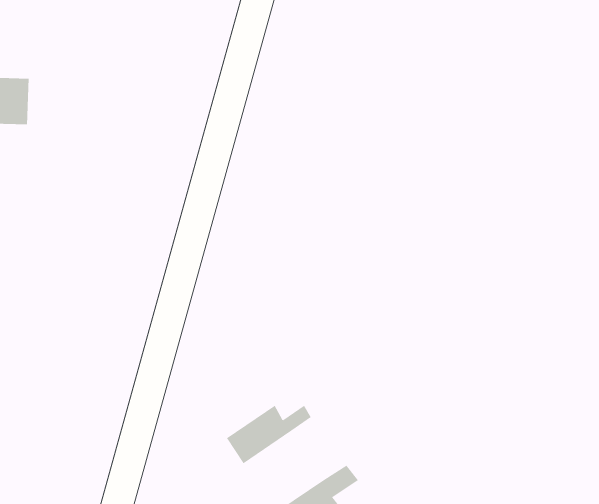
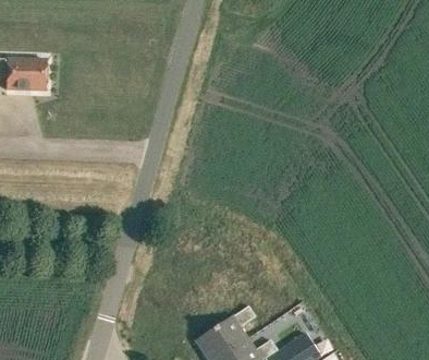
building: [226,405,311,464] -> none

